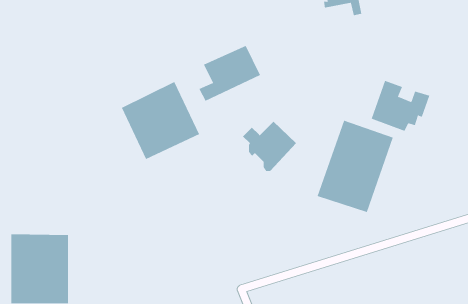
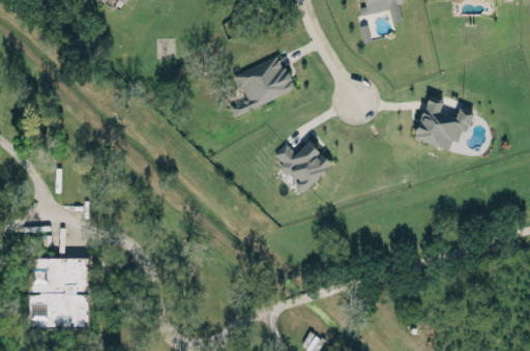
building: [121,81,200,160] -> none
building: [317,120,394,213] -> none

